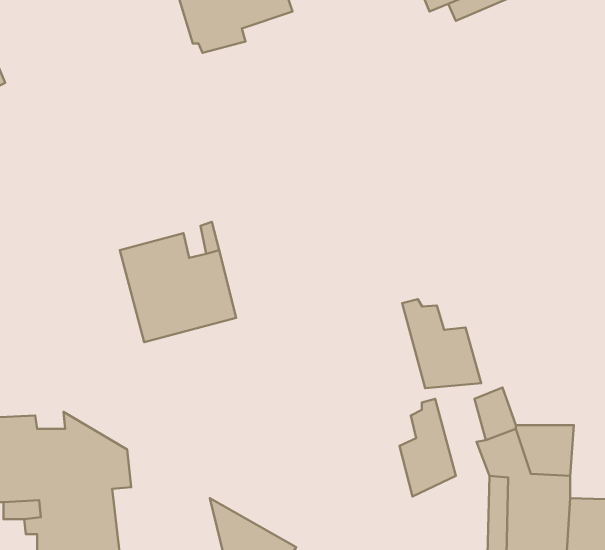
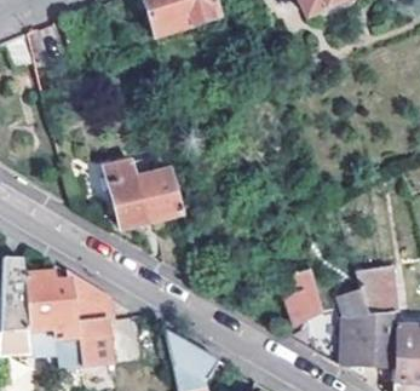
building: [402,299,481,388] -> none

